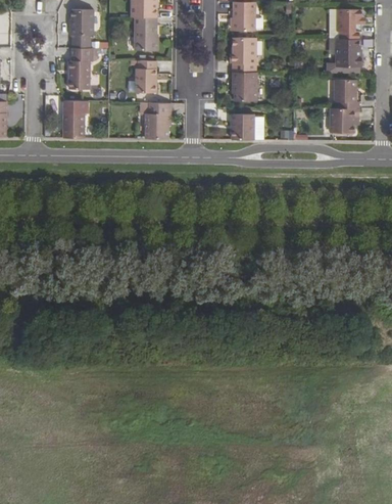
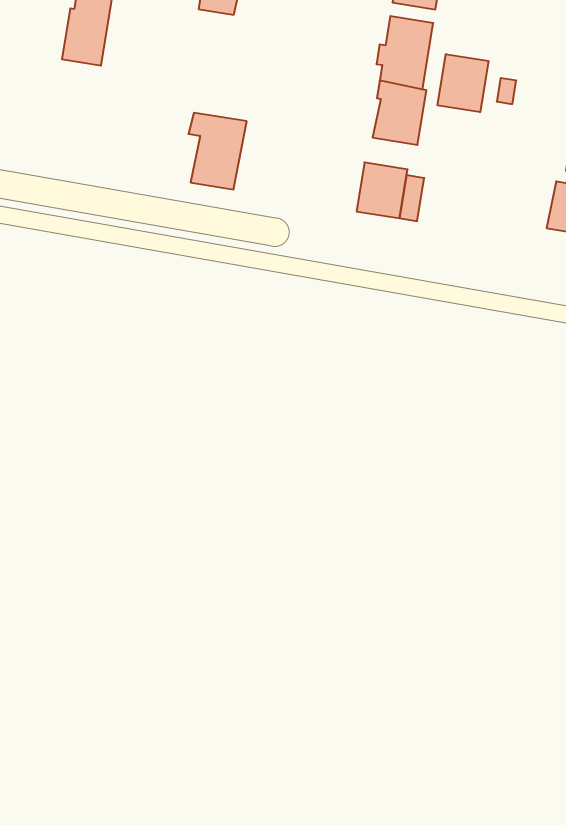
building: none -> [438,54,488,112]
building: [136,60,156,92] -> none
building: [63,100,87,138] -> none

